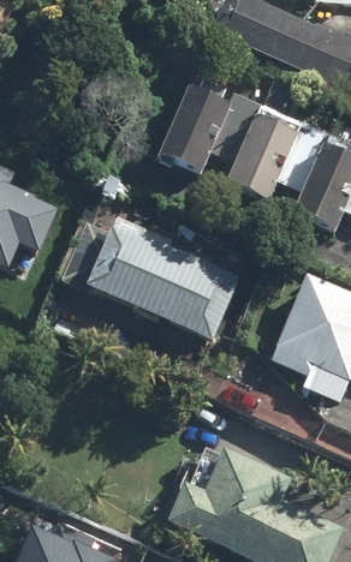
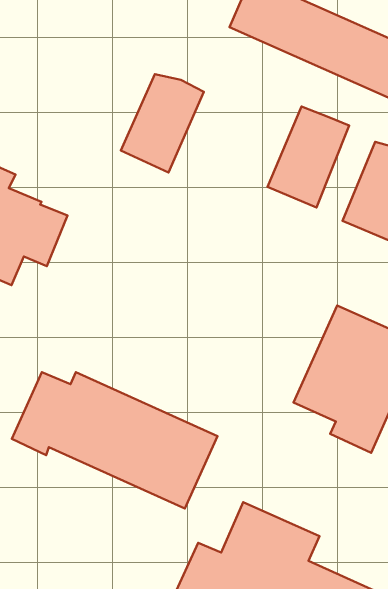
building: [172,76,245,162] -> [121,74,204,172]
building: [53,221,234,341] -> [12,372,218,508]

